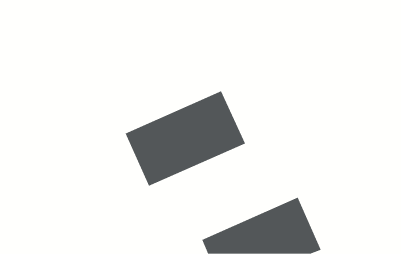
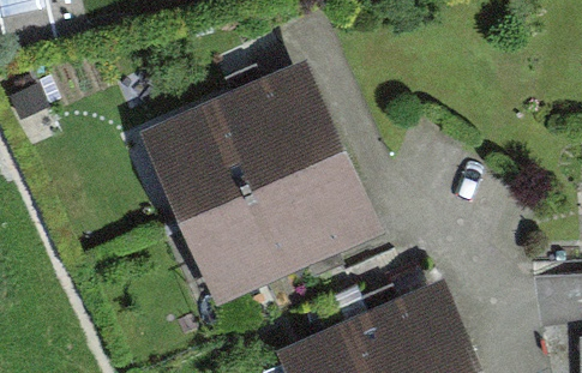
building: none -> [161,74,325,206]

